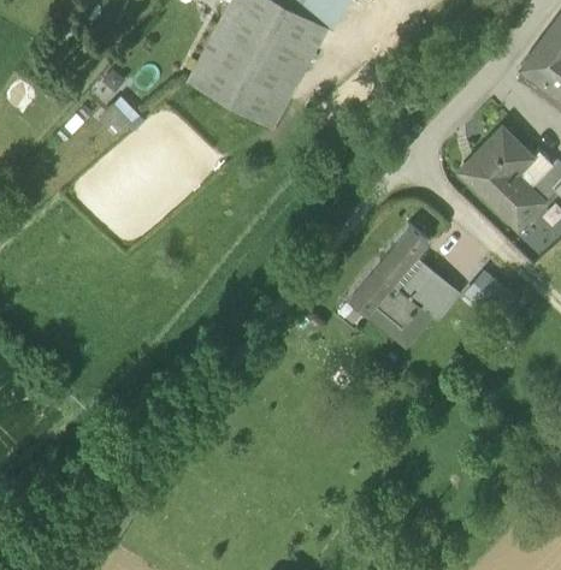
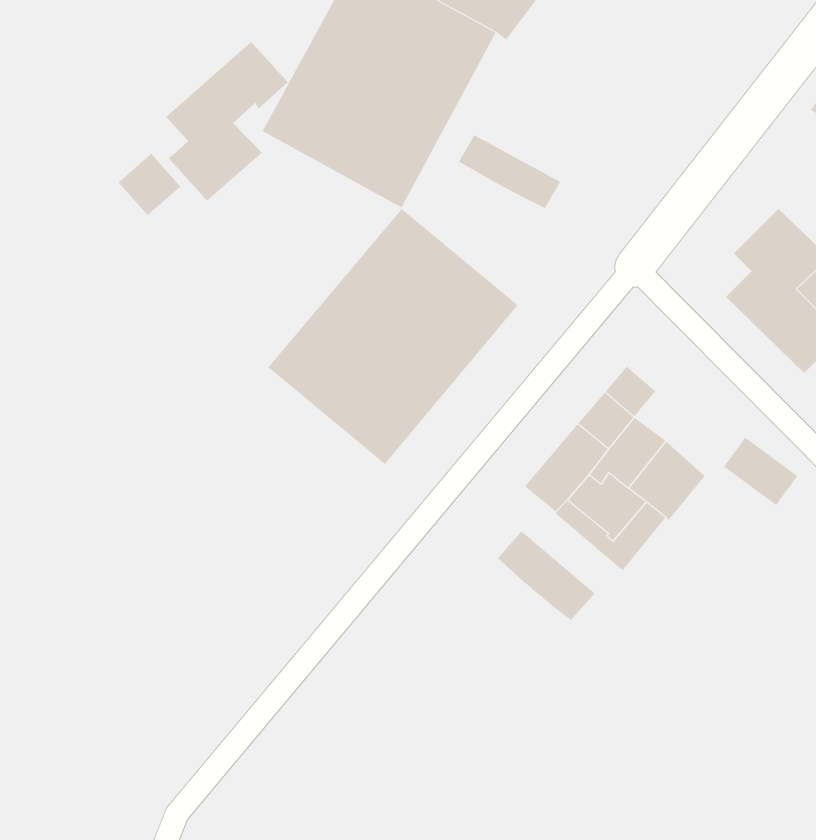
building: none -> [166,41,288,201]
building: none -> [458,135,561,209]
building: none -> [267,208,519,465]
building: none -> [497,530,596,621]

